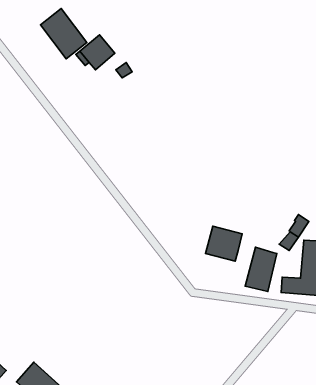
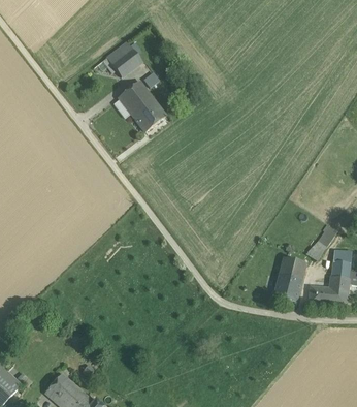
building: [41,9,87,59] -> [119,81,165,131]
building: [206,226,242,261] -> none

